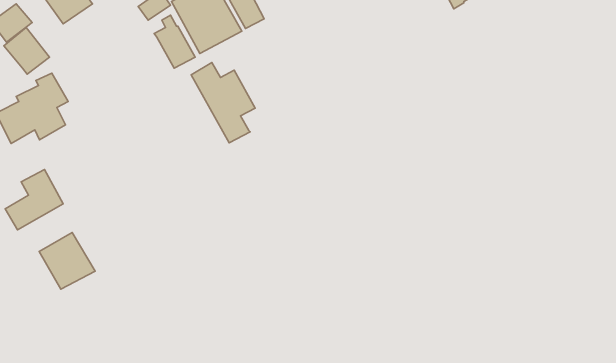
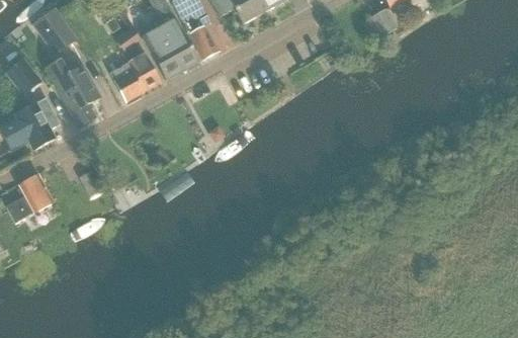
building: none -> [111,61,145,99]
building: [191,63,255,143] -> [48,58,100,123]
building: [39,233,95,289] -> none

